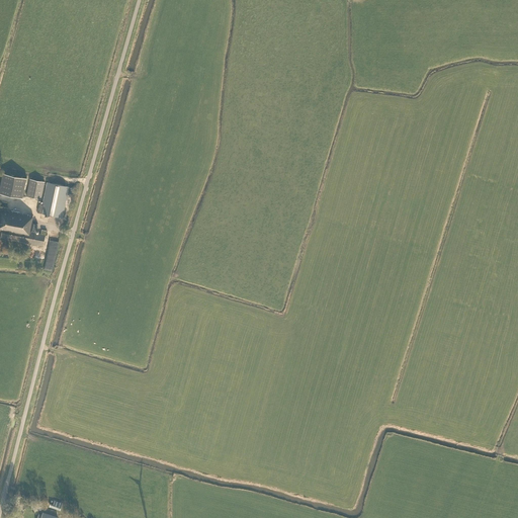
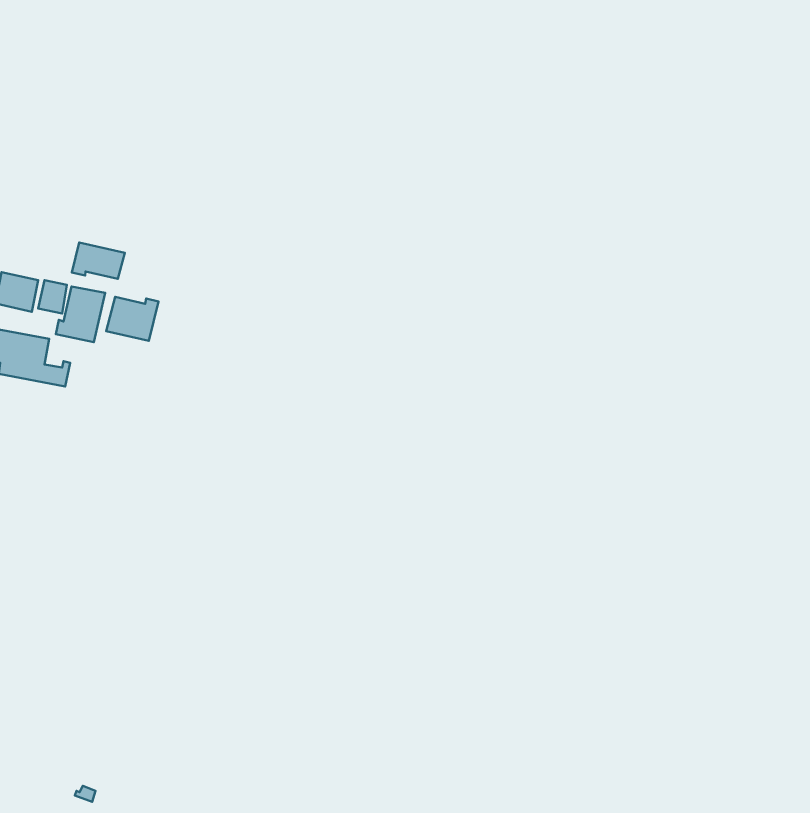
building: none -> [72,242,125,279]
building: none -> [106,297,158,341]

